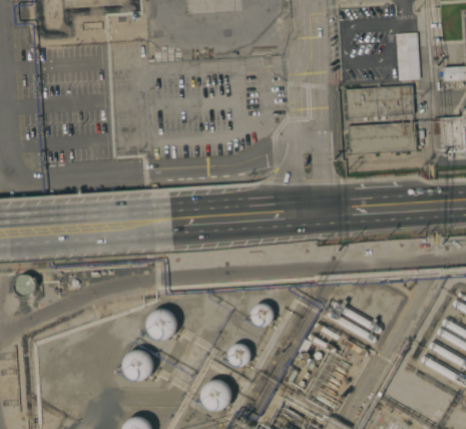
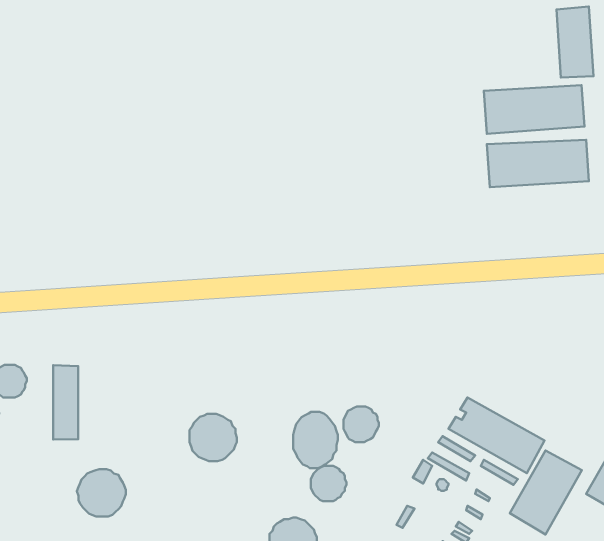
building: none -> [53,365,78,440]
building: none -> [293,412,338,468]
building: none -> [510,450,582,535]
building: [122,349,155,381] -> [77,469,126,516]

